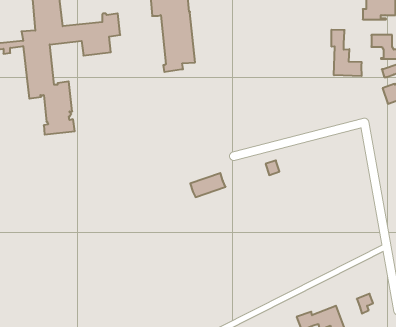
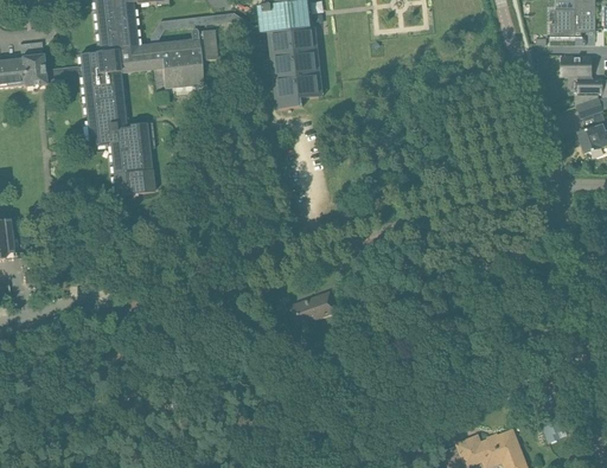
building: [332,30,362,76] -> none
building: [190,173,226,197] -> [288,291,337,325]

